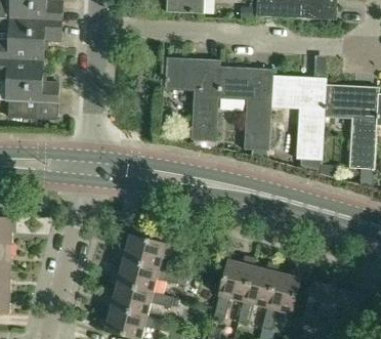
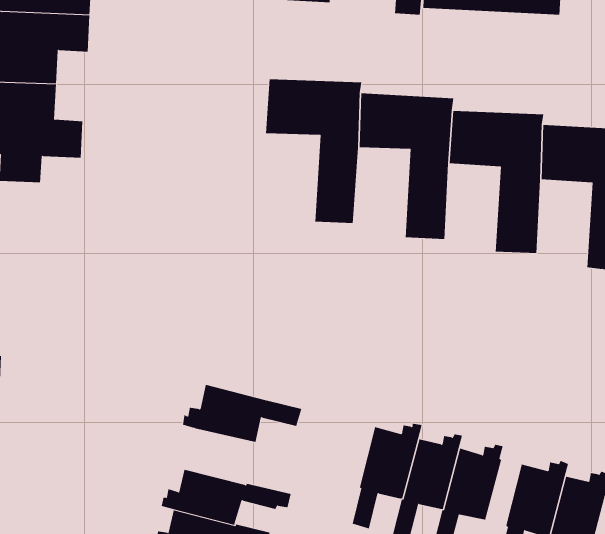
building: [110,260,186,293] -> none

